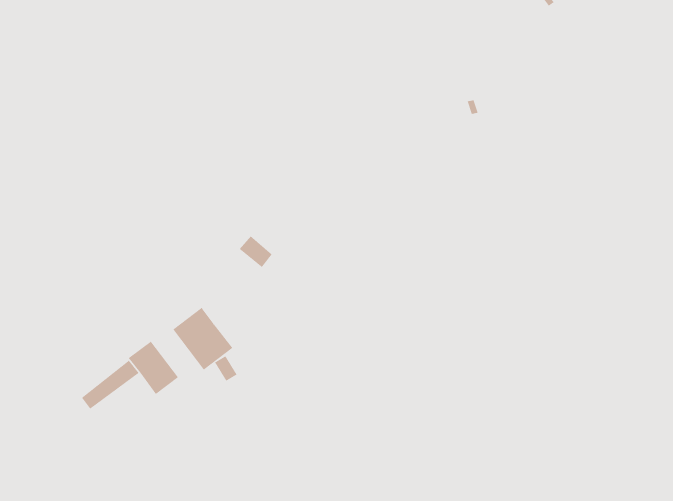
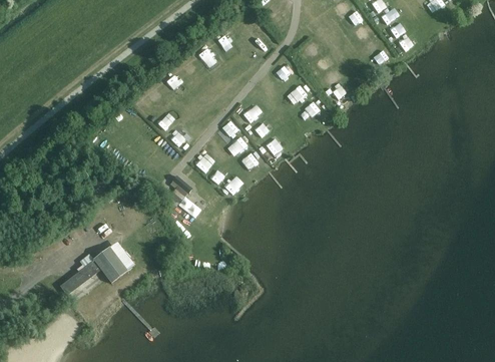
building: [172,307,233,371] -> none

